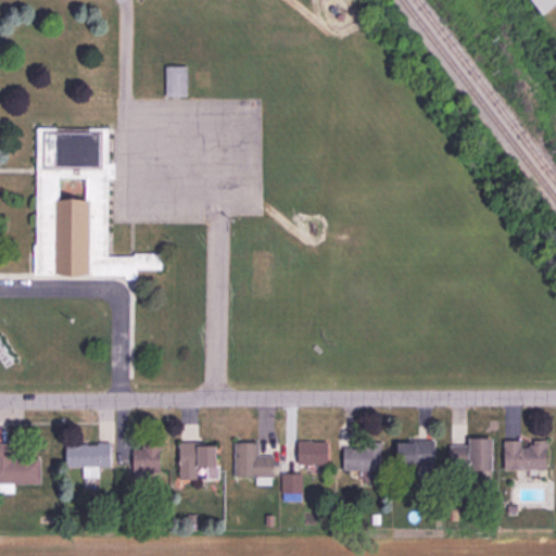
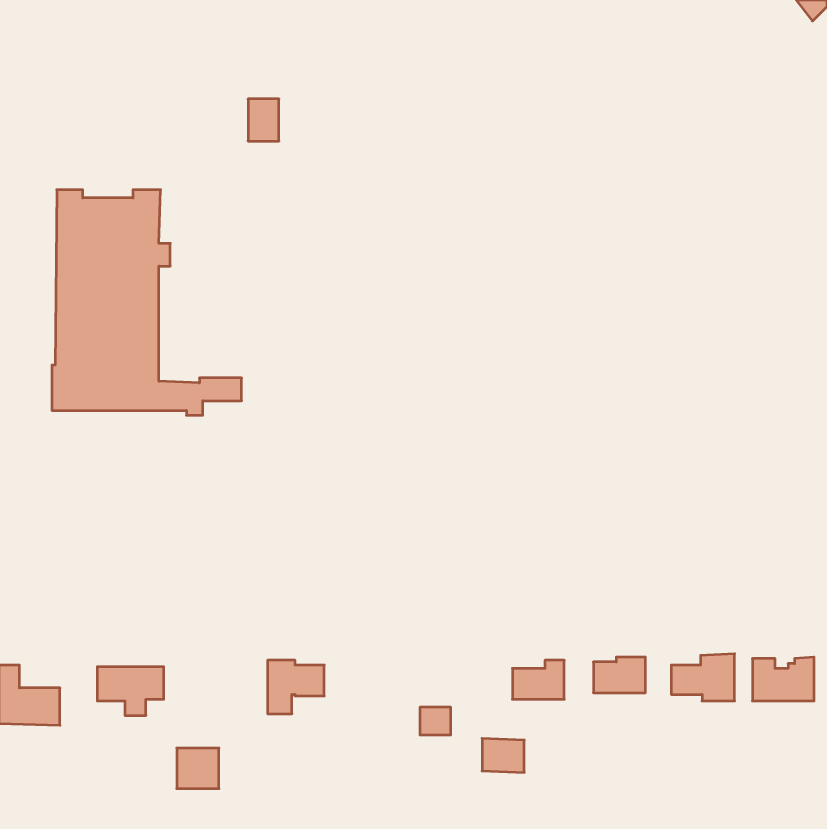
building: [298,441,326,464] -> [482,738,524,772]
building: [233,442,273,476] -> none
building: [132,447,161,475] -> [177,748,219,789]

